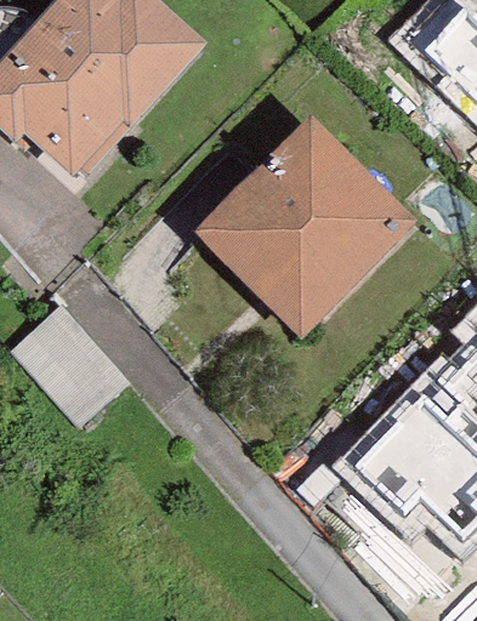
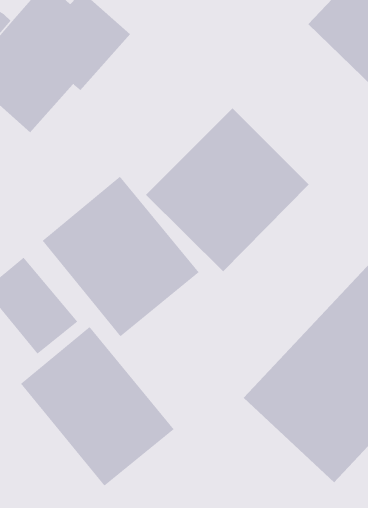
building: none -> [42,176,200,337]
building: none -> [20,326,174,486]

